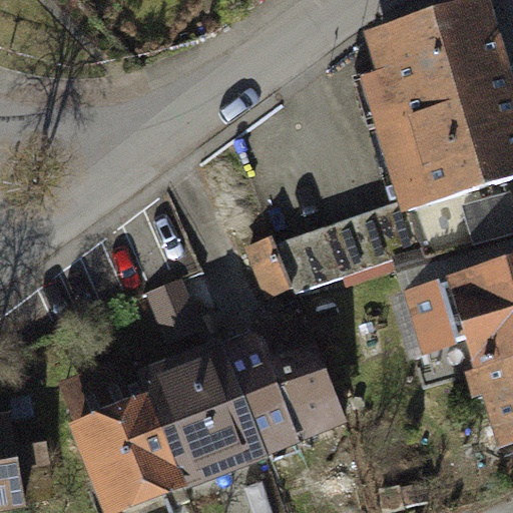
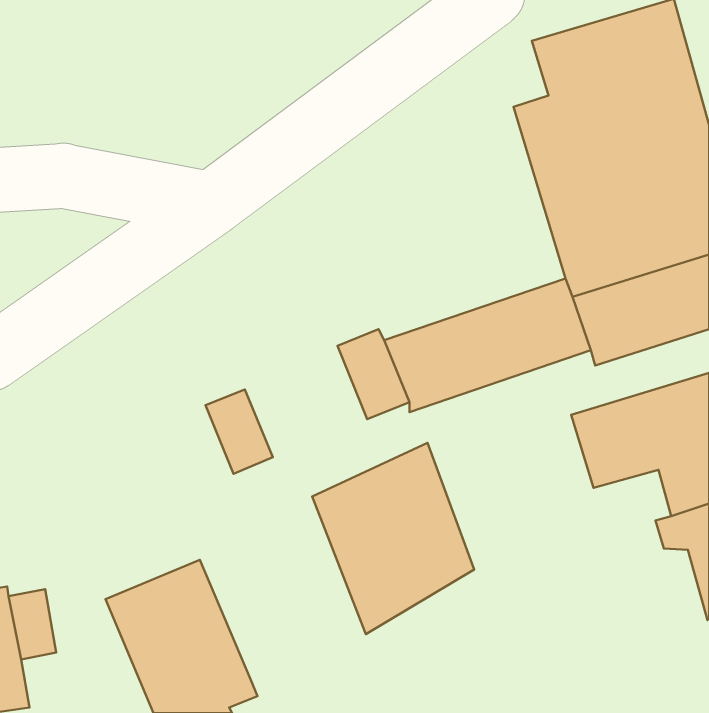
building: [136,345,261,484] -> none

